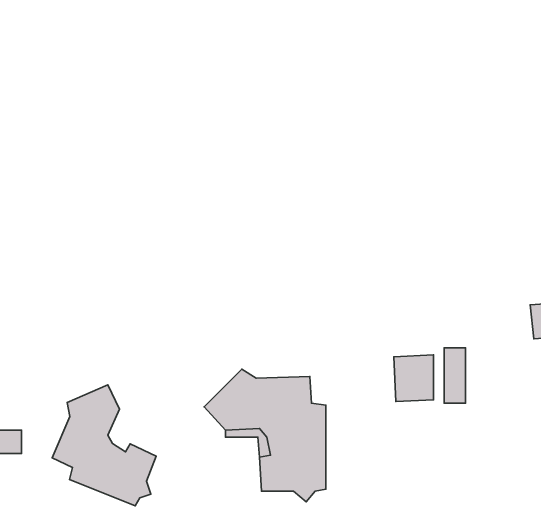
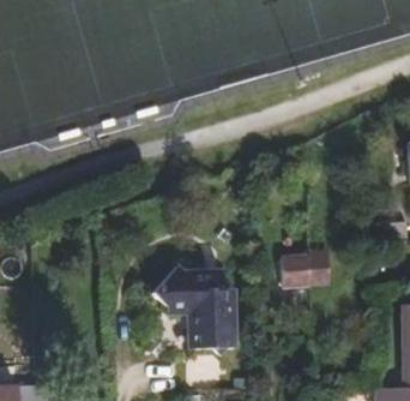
building: [52,385,156,506] -> none

